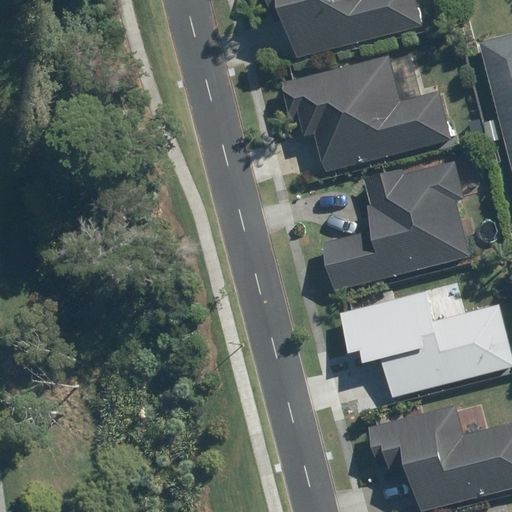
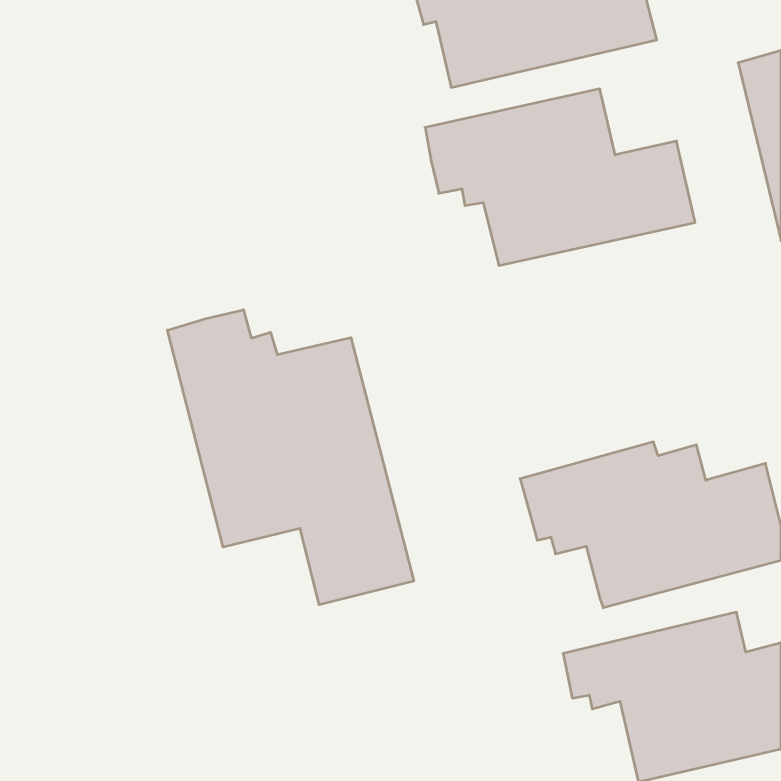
building: [318,161,467,293] -> none
building: none -> [167,310,414,605]

